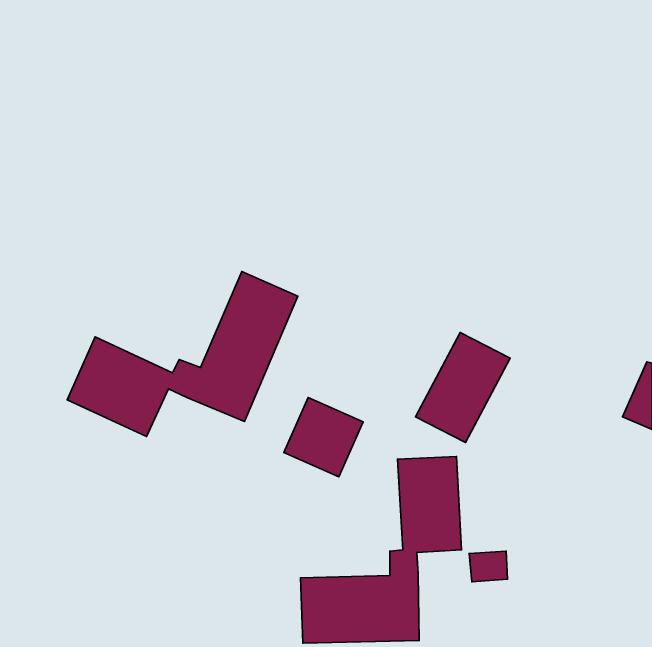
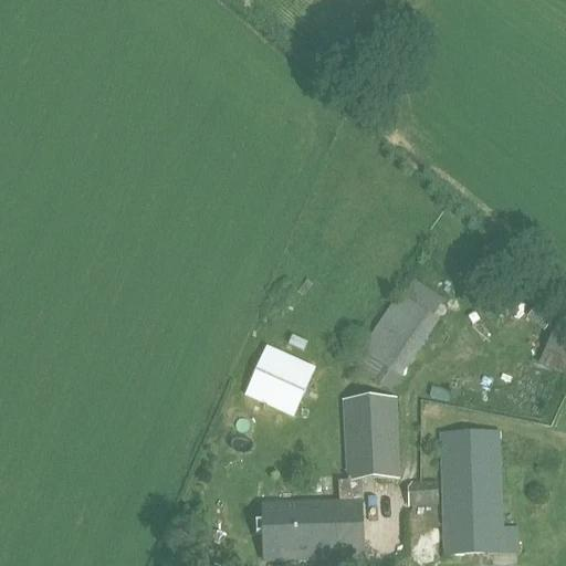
building: [67,271,298,437] -> none
building: none -> [441,428,516,553]

